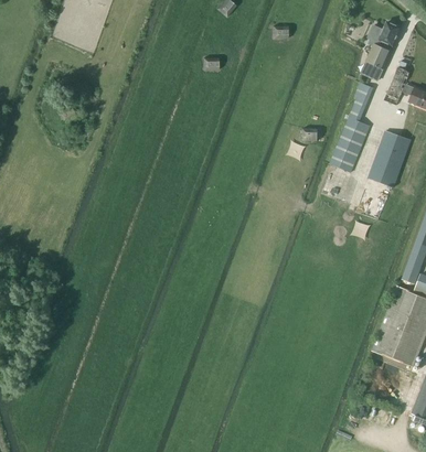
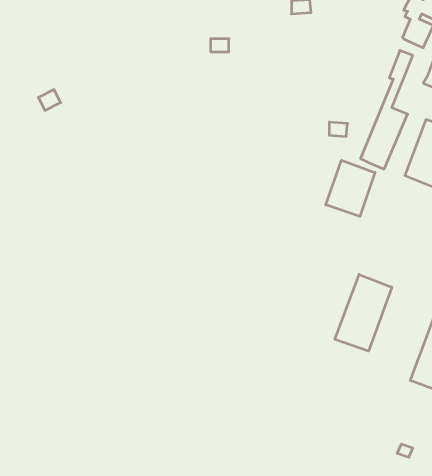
building: none -> [326,160,375,216]
building: none -> [335,274,392,351]

